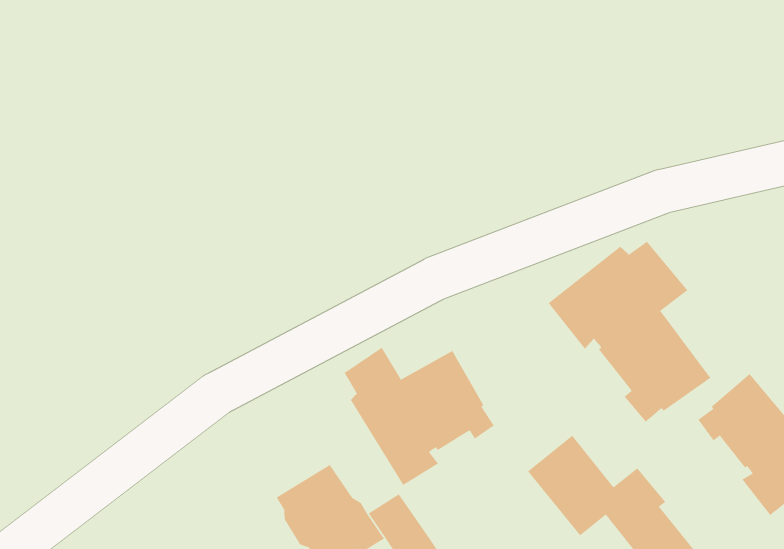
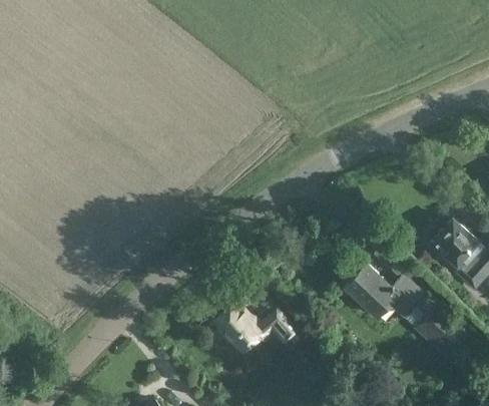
building: [548,241,711,422] -> none
building: [344,347,495,486] -> none

